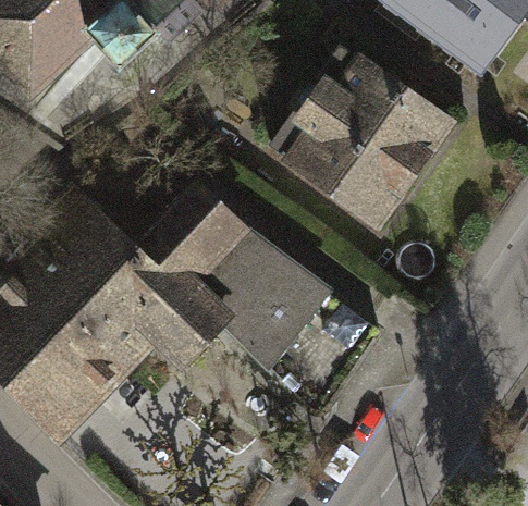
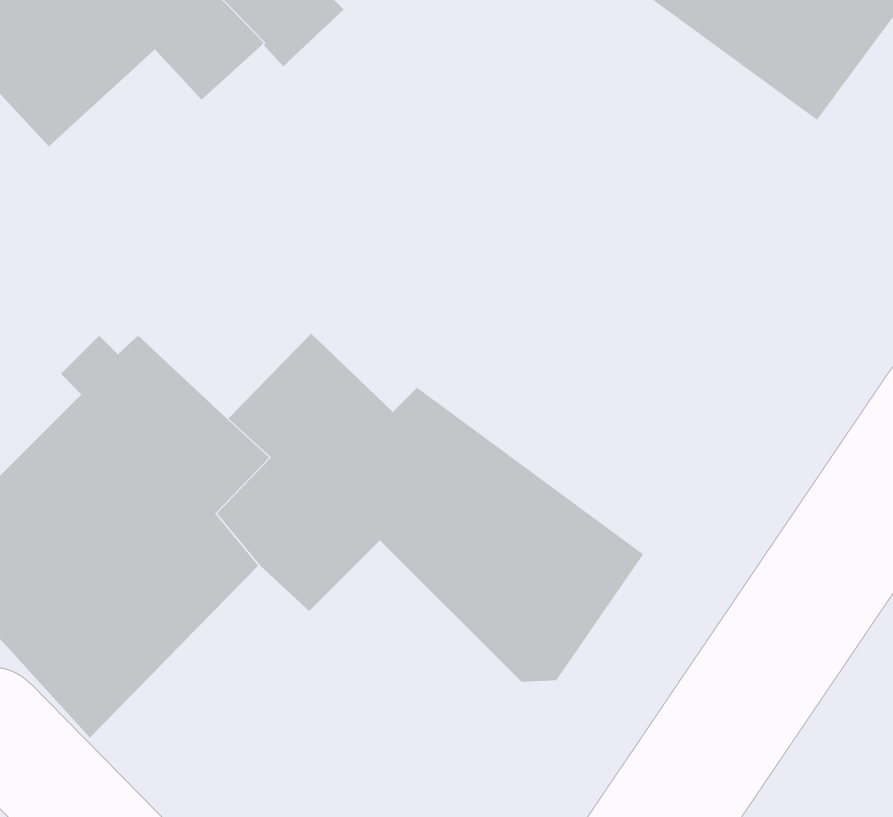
building: [269,57,449,222] -> none

